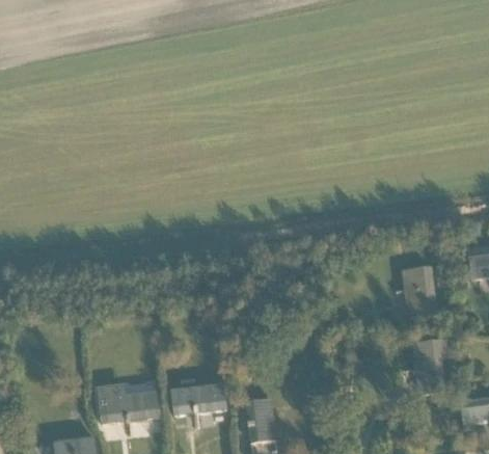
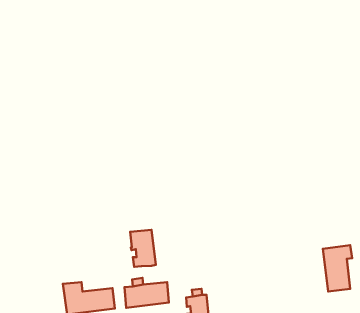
building: [402,267,436,318] -> none
building: none -> [130,230,156,267]

